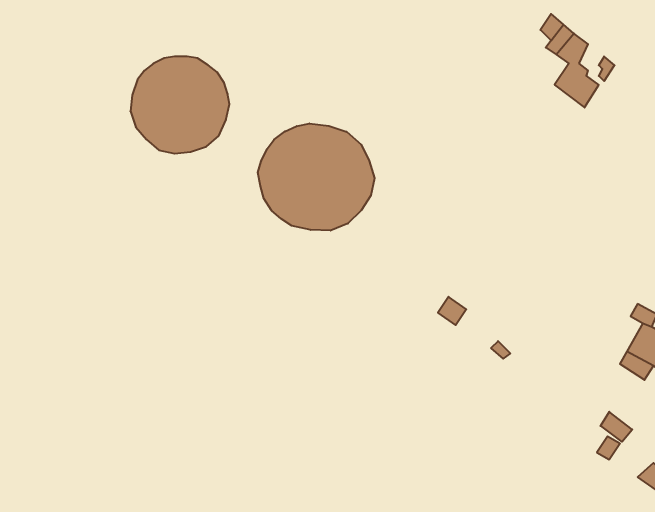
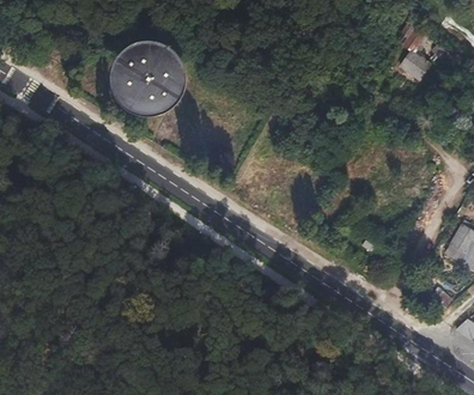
building: [258,123,375,231] -> none

